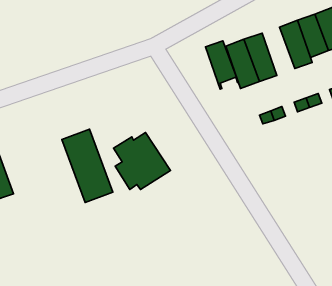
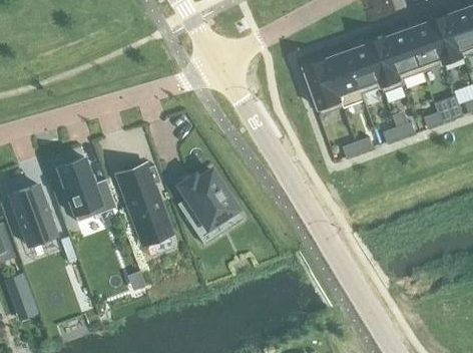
building: [206,41,238,89] -> [347,44,385,100]
building: none -> [56,156,116,222]

